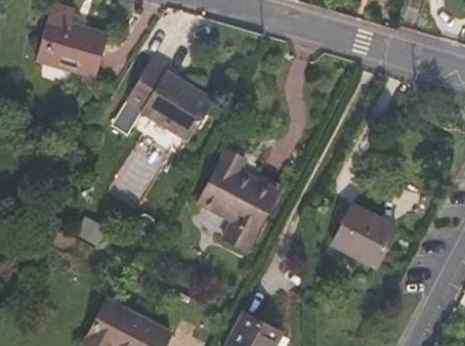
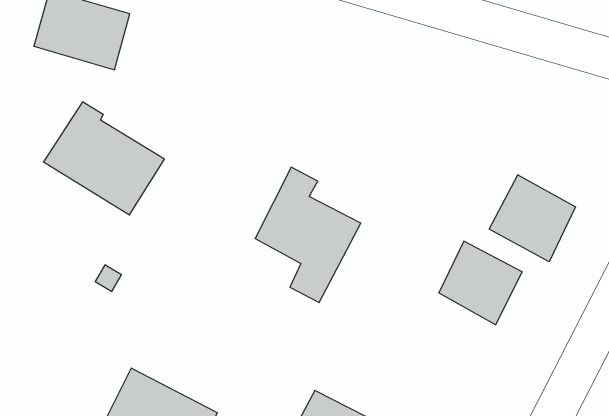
building: [124,57,213,140] -> [43,102,164,215]
building: none -> [489,175,575,262]

